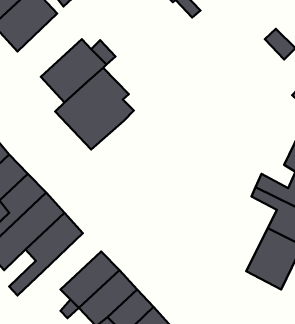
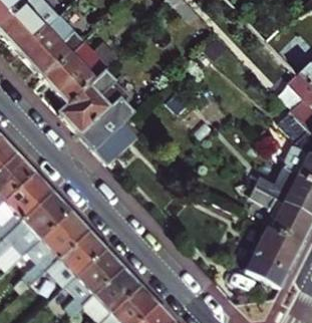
building: none -> [22,16,85,78]
building: none -> [94,121,139,165]
building: none -> [47,232,104,287]

